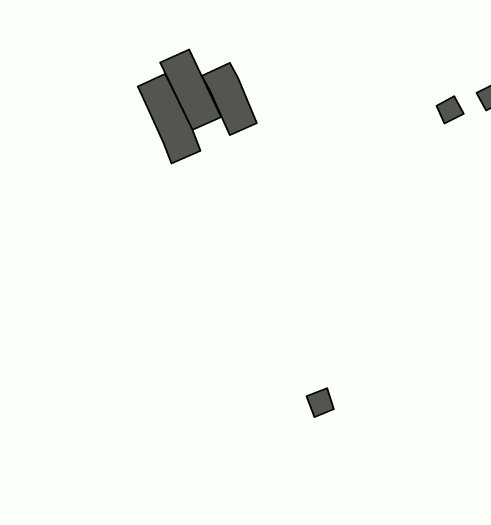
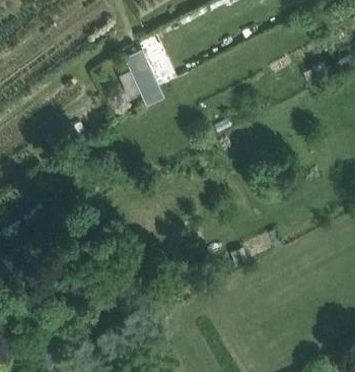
building: [202,63,257,135] -> none

